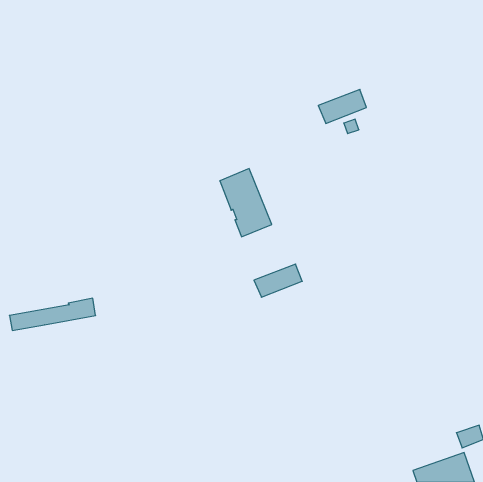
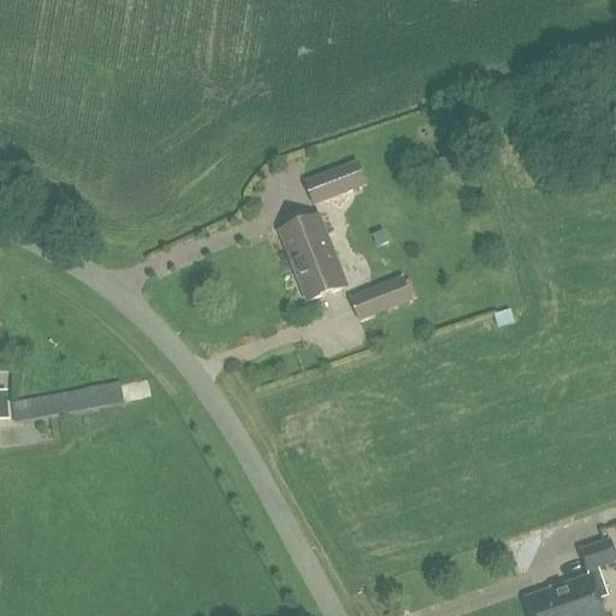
building: [318,89,366,123] -> [303,160,365,203]
building: [254,264,302,297] -> [349,277,410,319]

